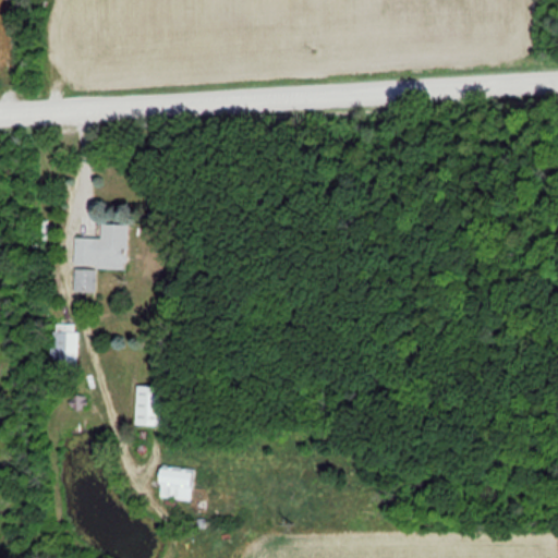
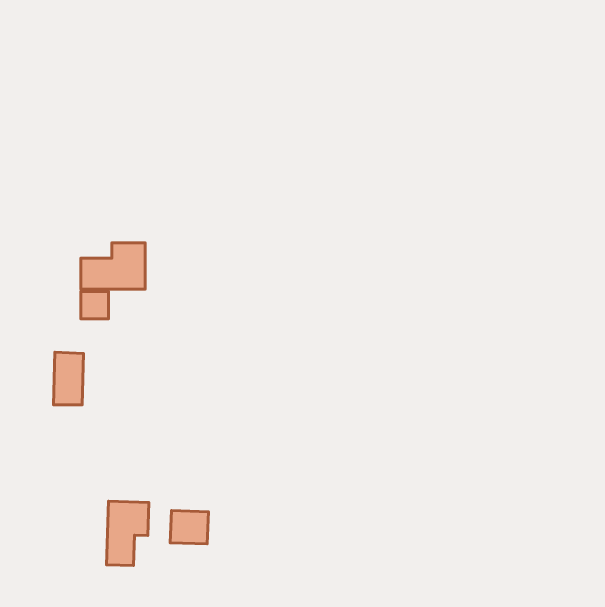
building: [134,386,162,426] -> none
building: none -> [106,501,149,566]

